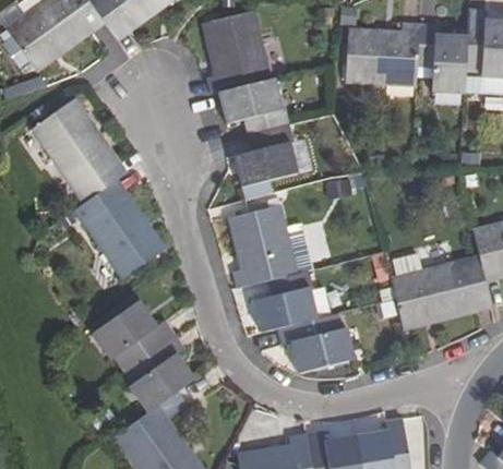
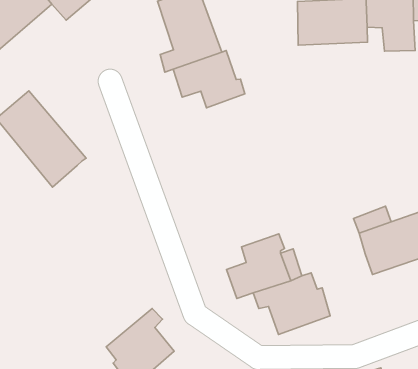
building: [233,124,297,189] -> none
building: [75,182,159,276] -> none
building: [237,206,298,288] -> none
building: [93,300,175,370] -> none

